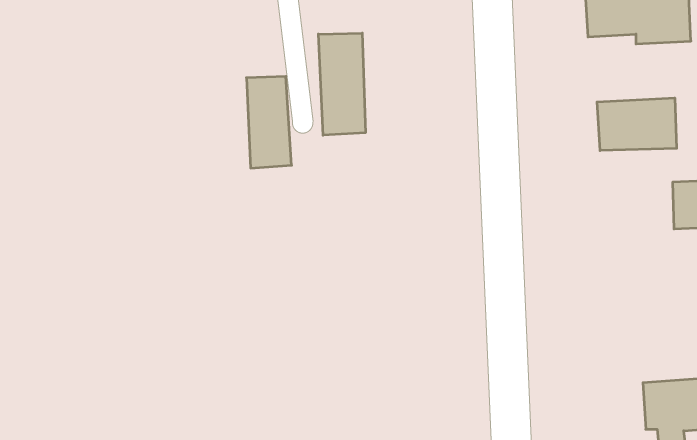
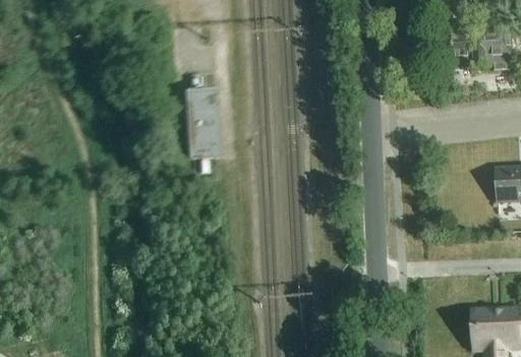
building: [318,33,365,135] -> none
building: [597,98,677,151] -> none

